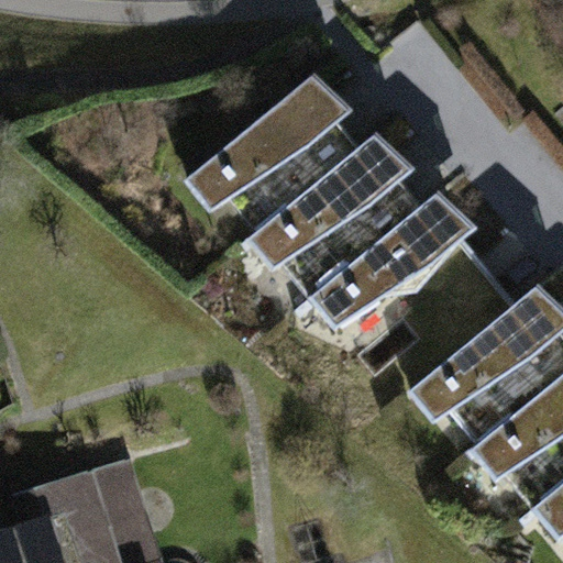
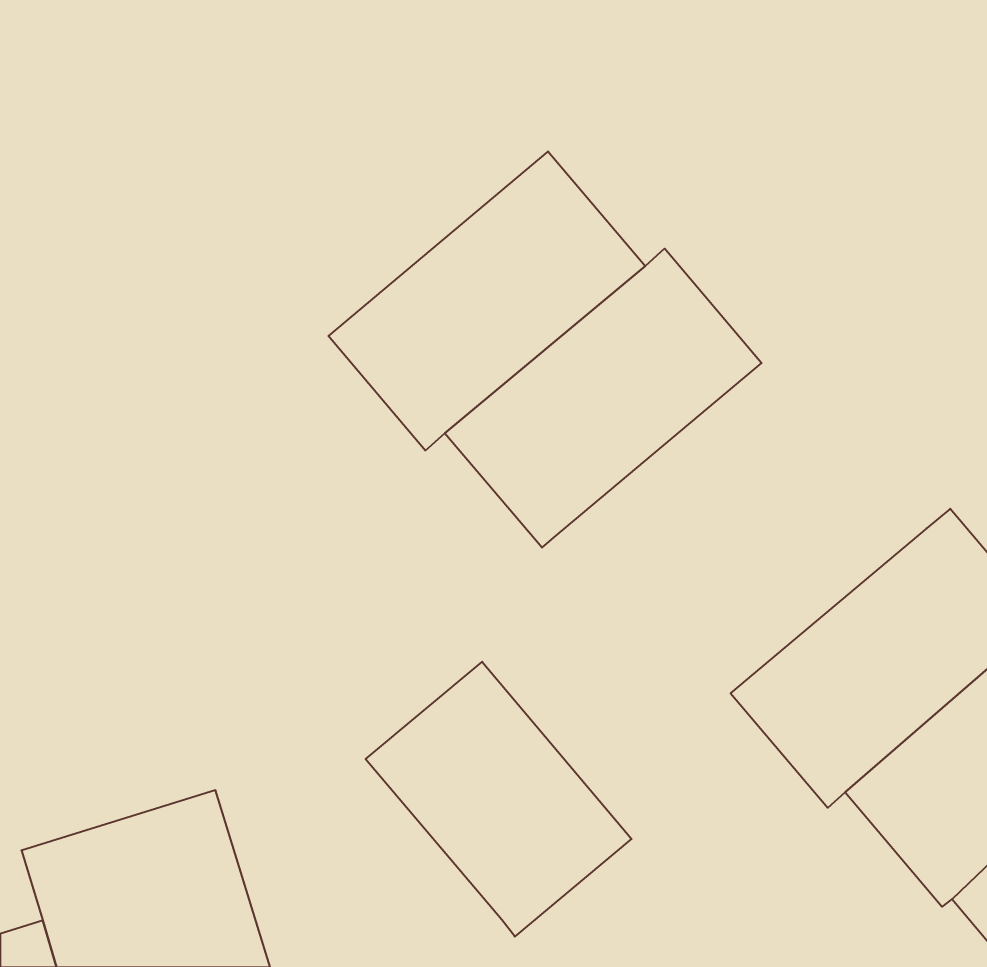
building: [318,199,528,404] -> none
building: none -> [366,662,632,937]

